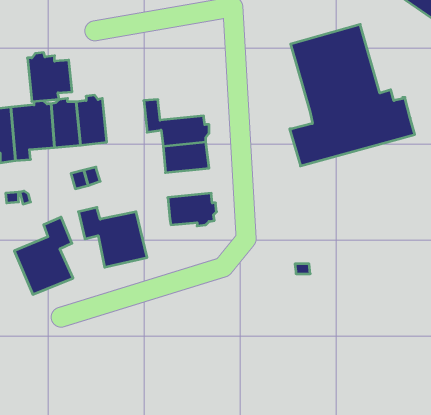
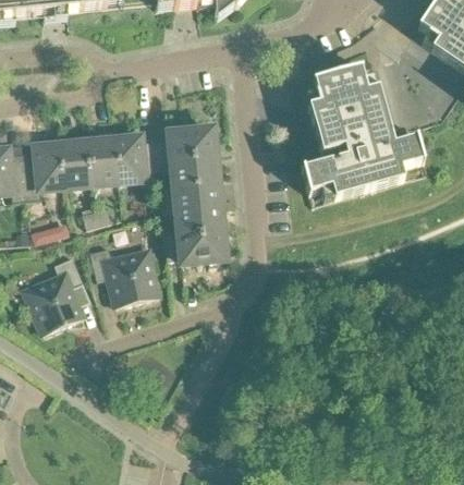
building: [27,53,72,101] -> [113,129,158,178]
building: none -> [169,122,218,156]
building: none -> [163,204,225,256]

